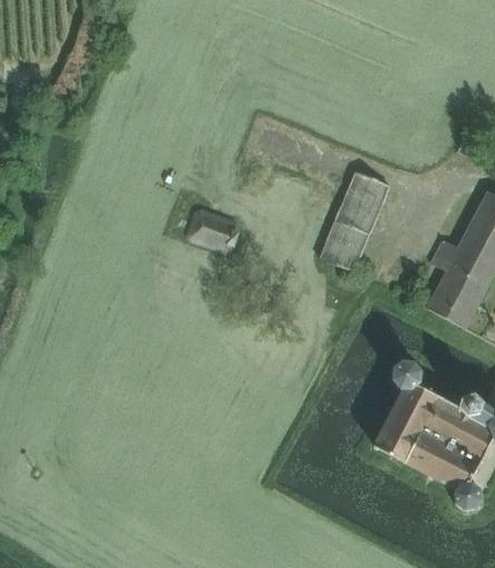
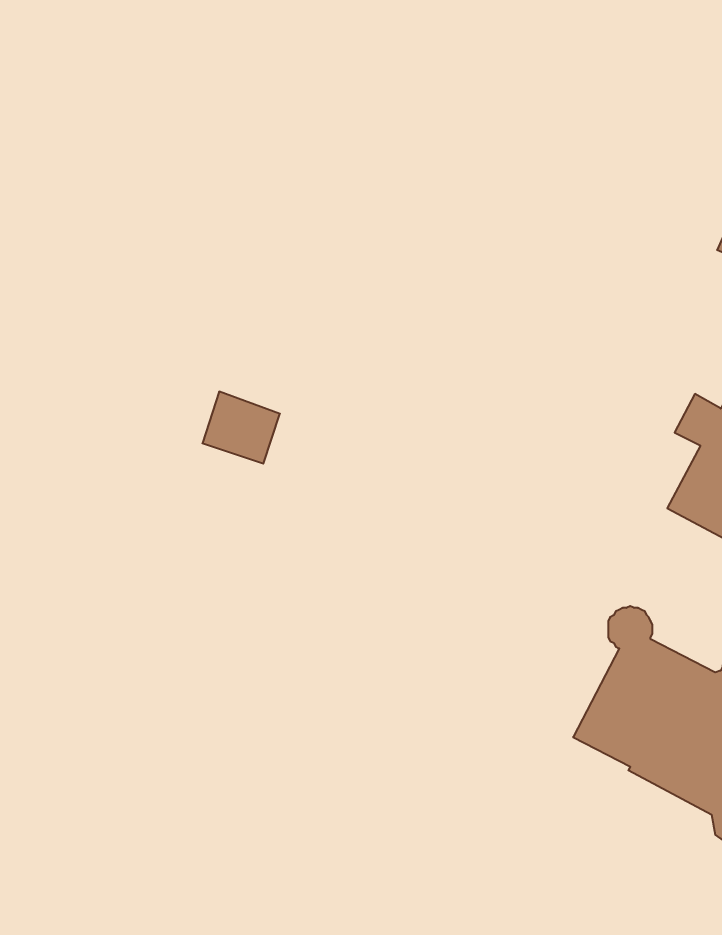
building: [319,170,391,272] -> none
building: [190,207,236,251] -> [202,392,280,464]

